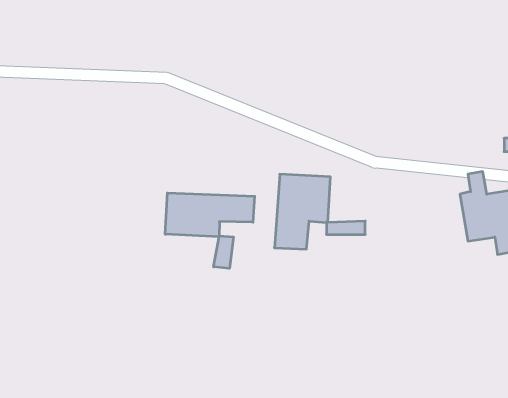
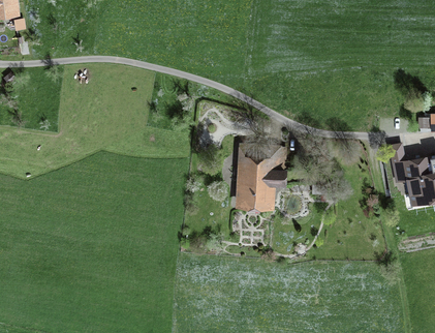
building: [165,193,255,268] -> none

